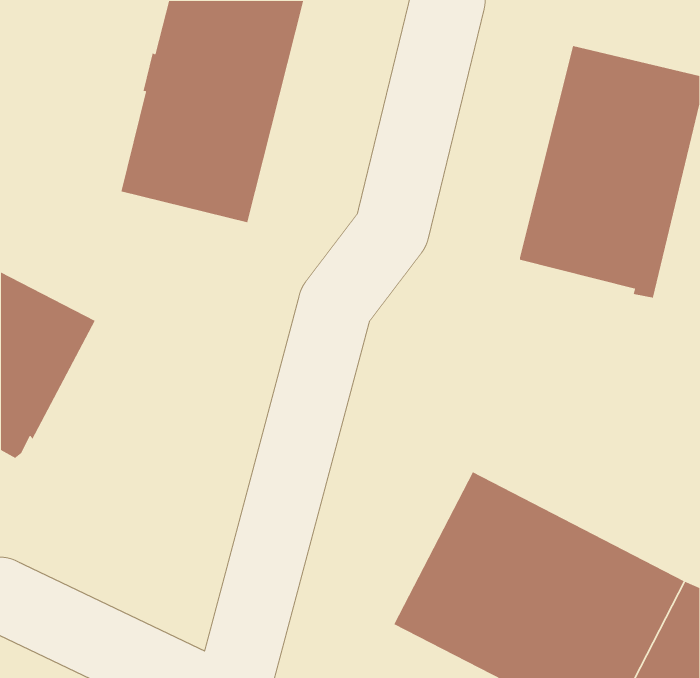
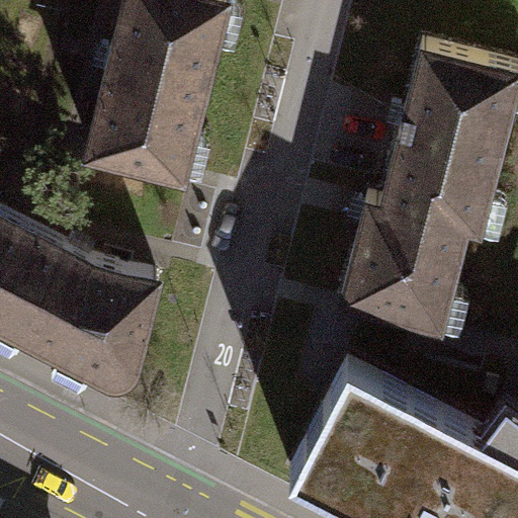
building: none -> [343,202,468,331]
building: none -> [24,253,158,391]

